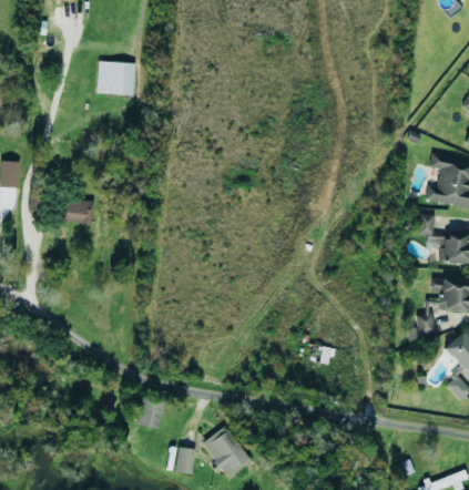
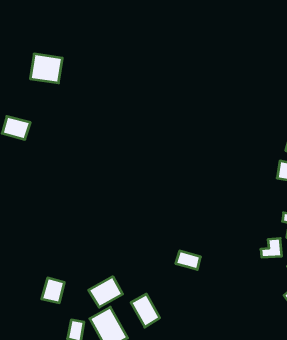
building: [96,62,134,95] -> [30,54,62,83]
building: none -> [89,277,123,307]
building: none -> [131,294,160,327]

